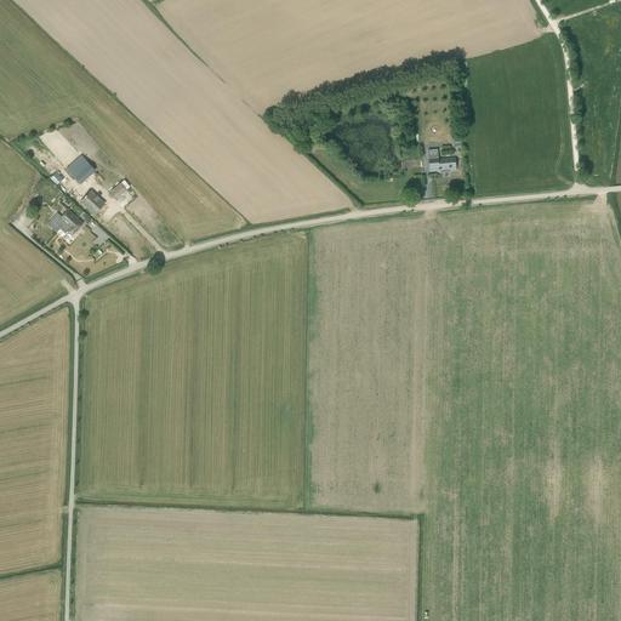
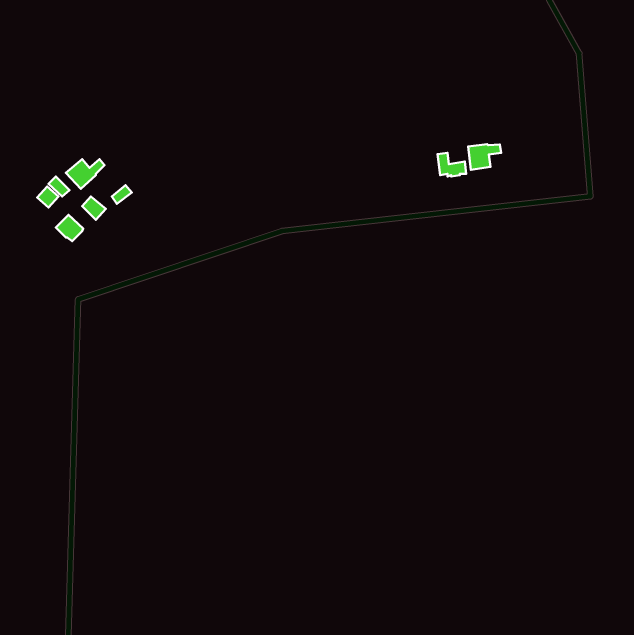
building: none -> [468,144,501,170]

